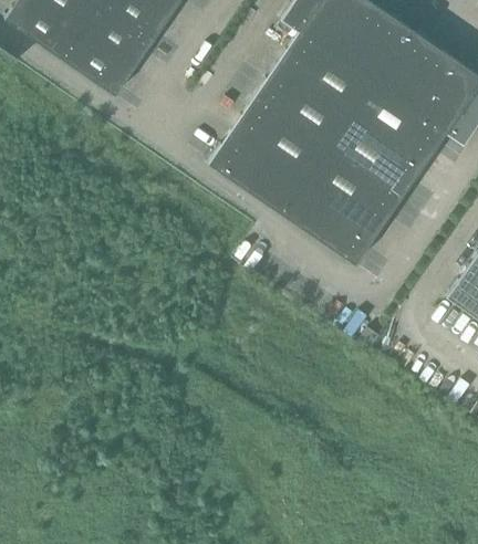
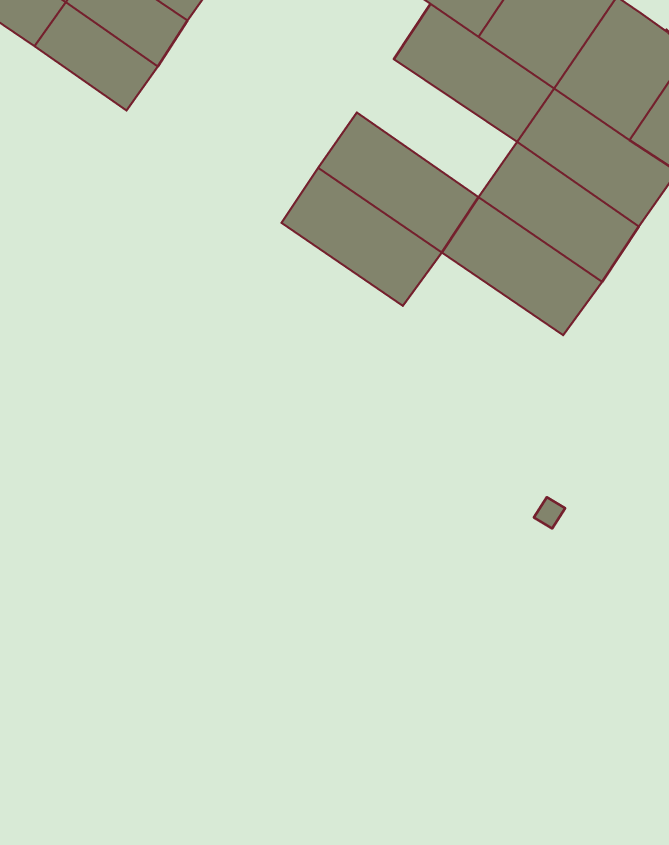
building: [253,64,350,147] -> none
building: [281,180,377,263] -> none

